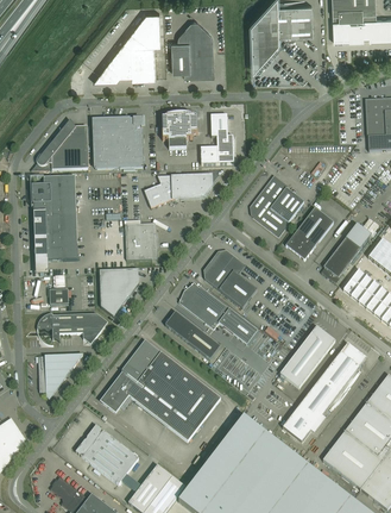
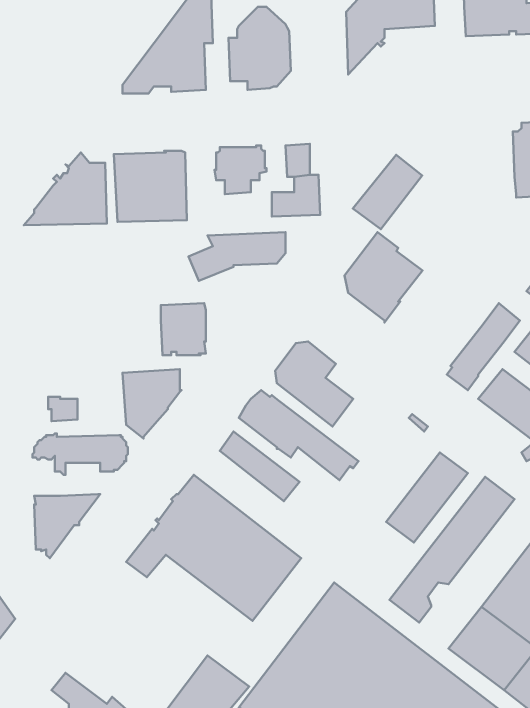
building: [32,175,78,261] -> none
building: [285,207,333,258] -> [353,155,422,229]
building: [76,424,139,483] -> none

